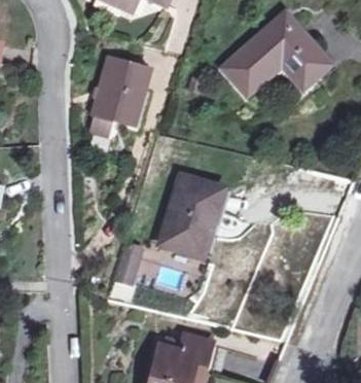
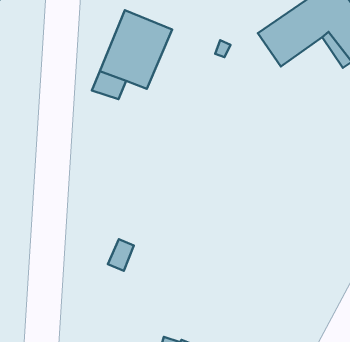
building: [160,176,224,255] -> none

